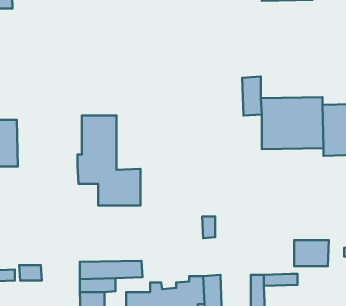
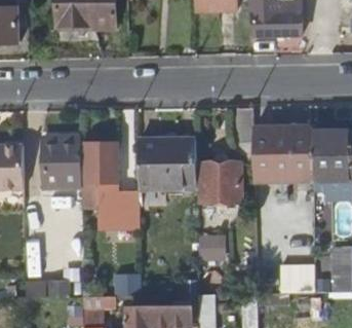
building: none -> [42,138,79,190]
building: none -> [138,139,196,189]
building: none -> [202,155,245,205]

